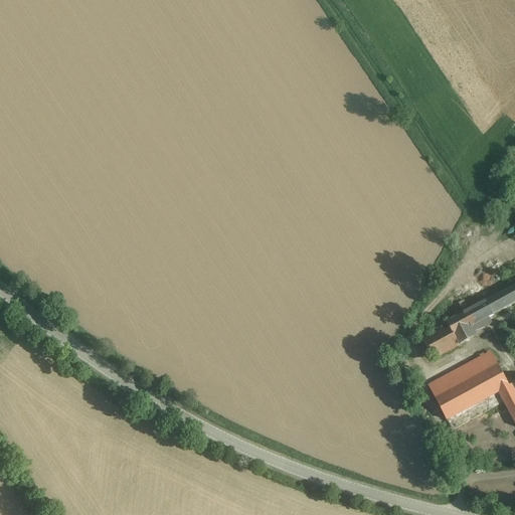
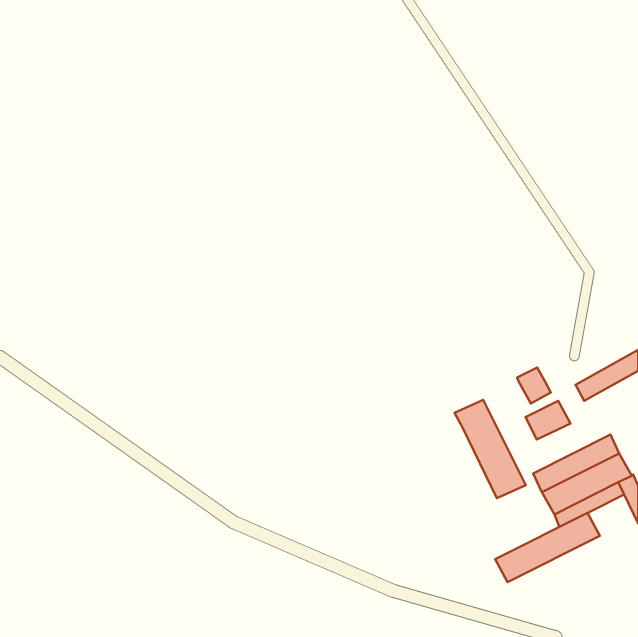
building: [449,312,476,341] -> [517,367,551,404]
building: none -> [454,400,526,498]
building: none -> [495,513,600,582]

